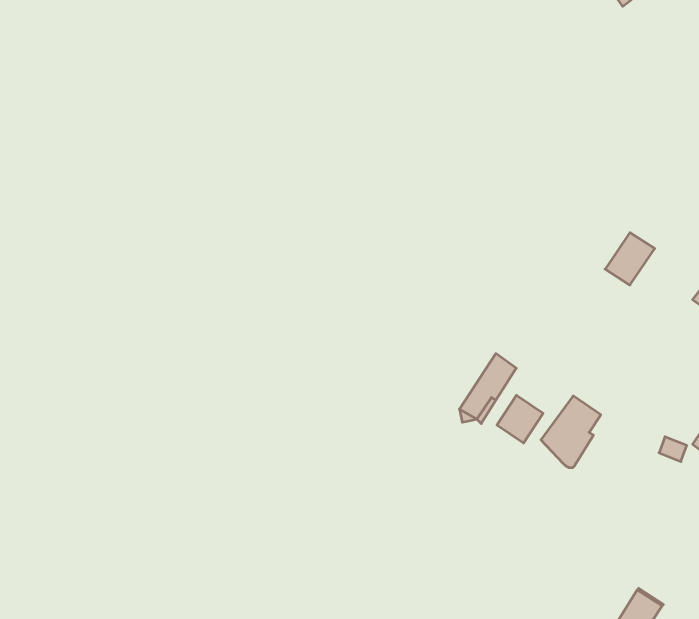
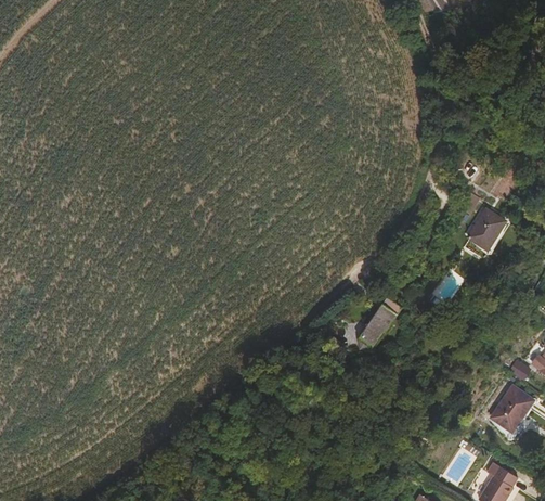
building: [497,395,543,443] -> none
building: [541,396,601,467] -> [488,384,532,437]

